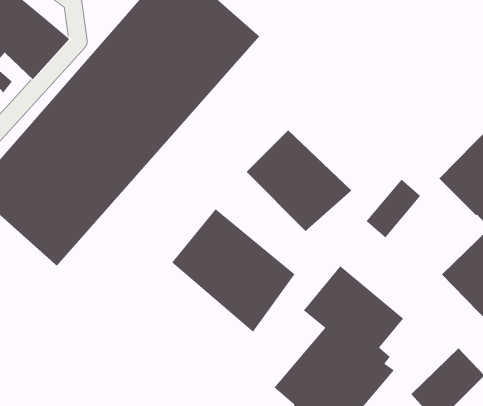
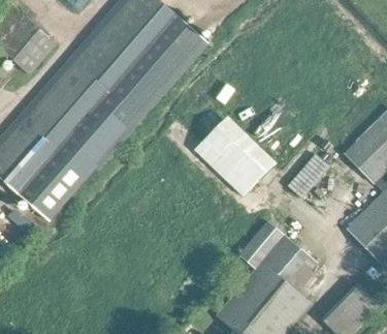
building: [171,208,295,333] -> none

